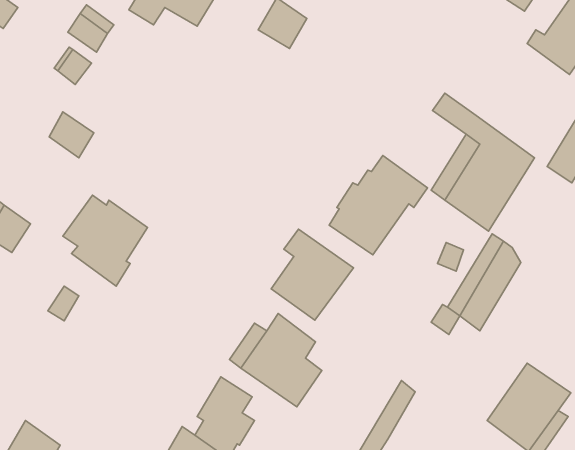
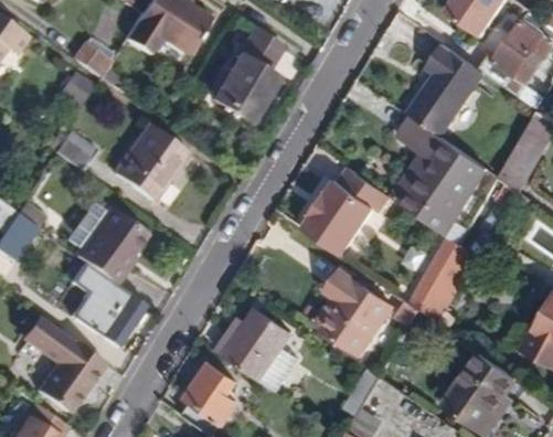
building: none -> [401,38,475,132]
building: none -> [211,54,276,121]
building: none -> [114,124,188,201]
building: [271,229,353,320] -> [319,274,392,354]
building: none -> [86,284,145,347]
building: none -> [24,319,105,412]

